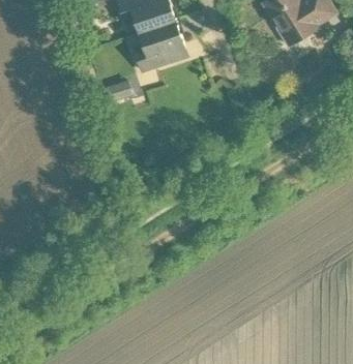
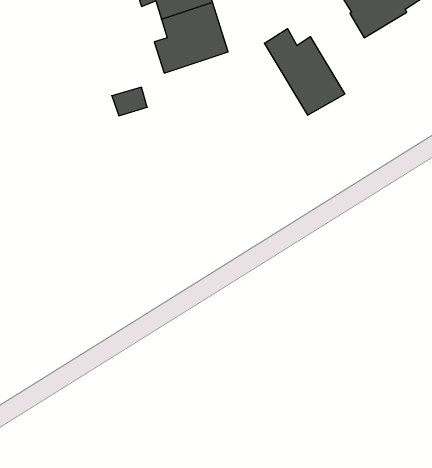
building: none -> [264,29,345,115]

